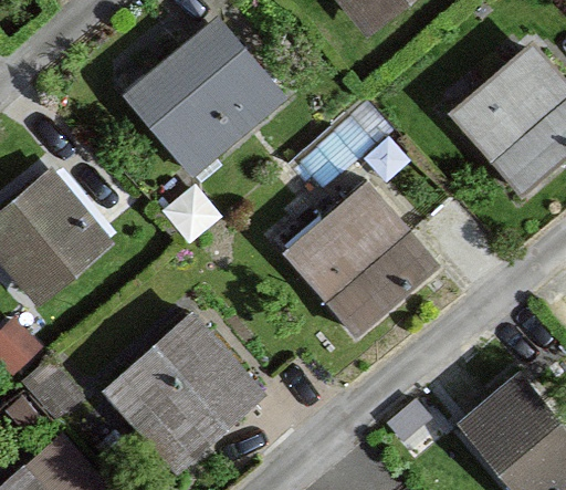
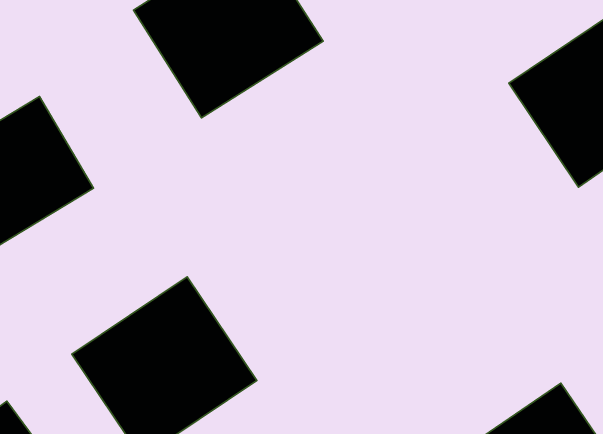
building: [284,180,441,337] -> none

